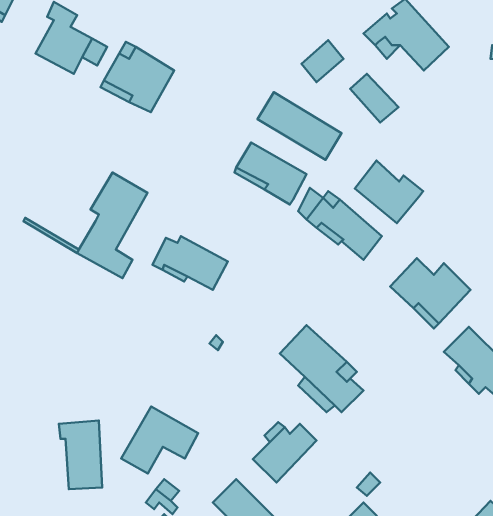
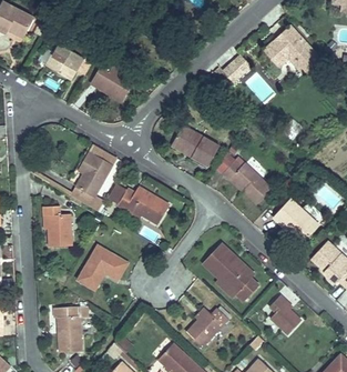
building: [258,92,342,160] -> none
building: [355,161,423,223] -> none
building: none -> [40,201,71,242]
building: [121,407,198,474] -> [74,241,125,285]
building: none -> [268,294,302,333]

